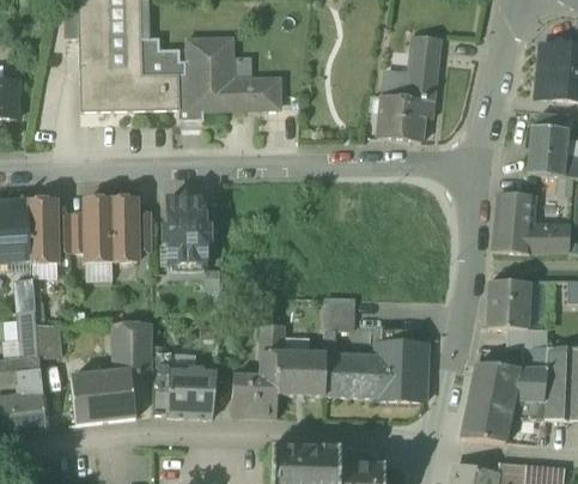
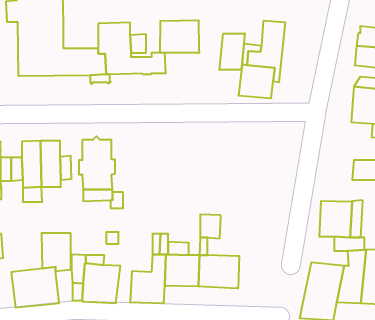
building: none -> [160,20,199,53]
building: [141,37,183,73] -> none
building: none -> [219,33,245,70]
building: [492,192,535,252] -> none
building: [375,327,427,400] -> none

